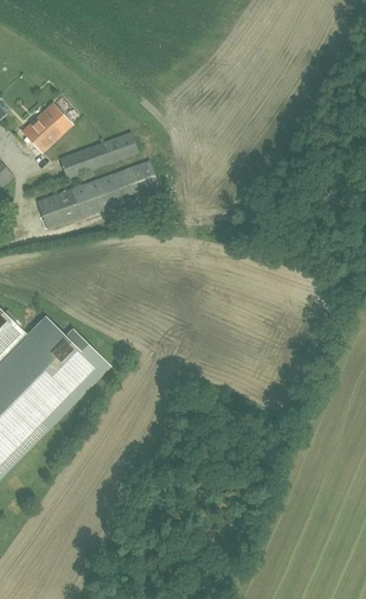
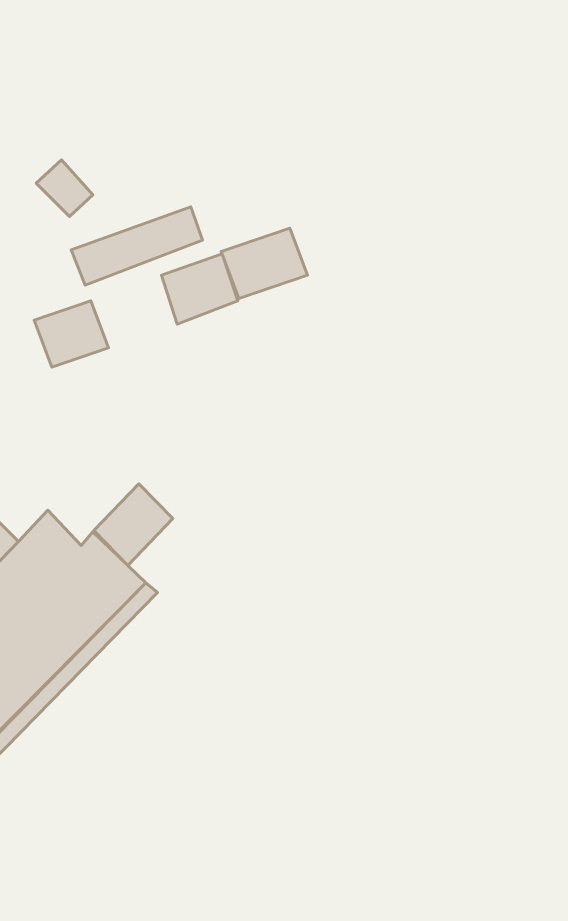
building: [23,117,57,152] -> none
building: [70,174,122,217] -> [221,228,307,299]
building: none -> [94,484,173,565]

